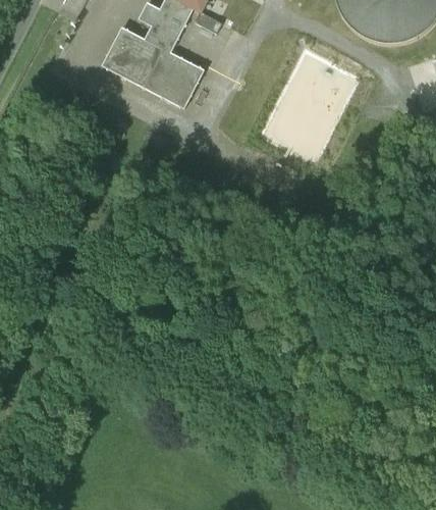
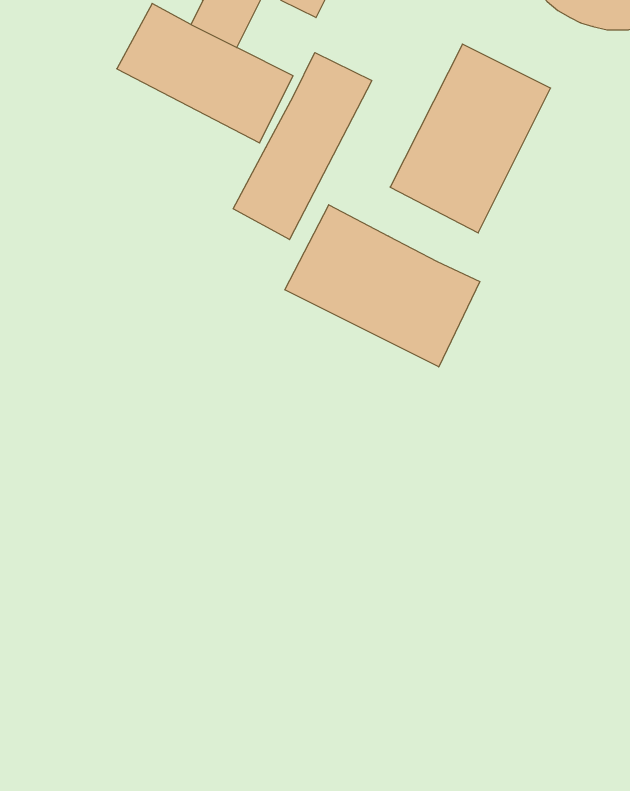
building: none -> [233,53,372,240]
building: none -> [285,205,480,367]

